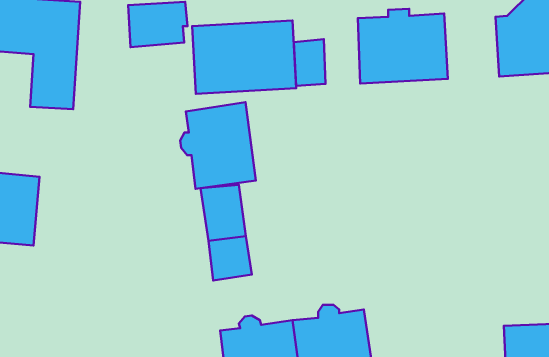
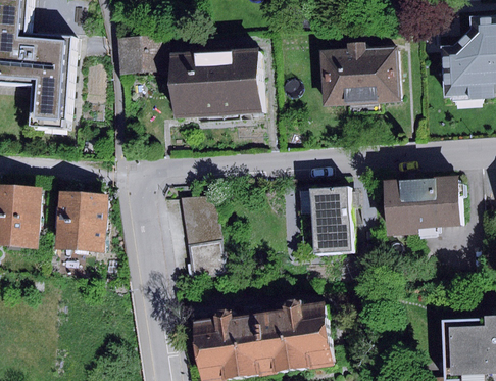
building: [294,39,325,86] -> none
building: [180,102,256,189] -> none
building: none -> [386,176,461,234]
building: none -> [312,186,353,251]
building: none -> [52,191,106,250]

